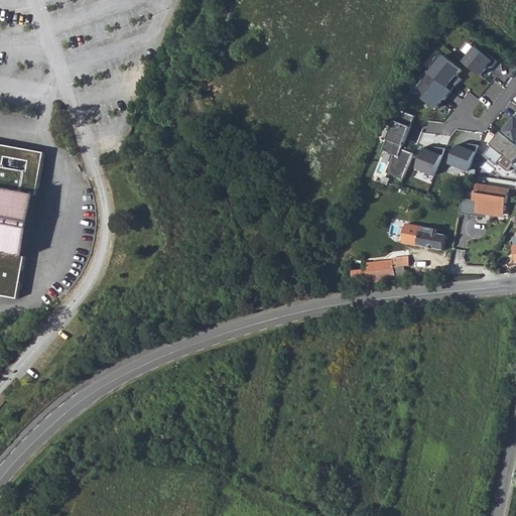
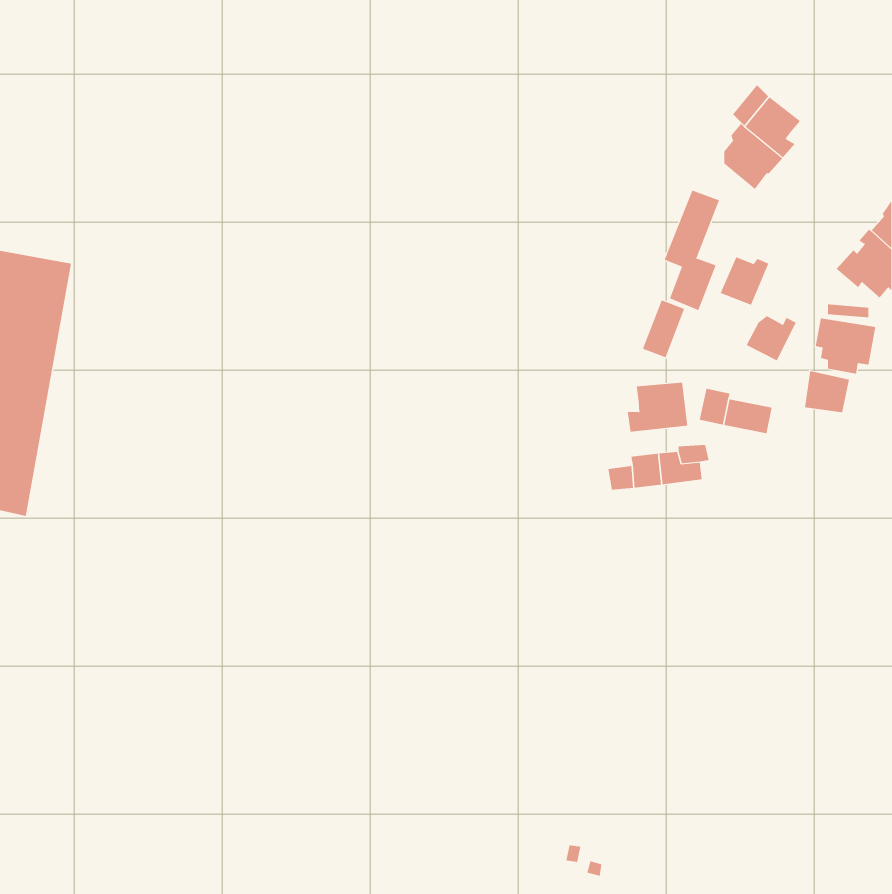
building: [462,47,496,76] -> none
building: [444,143,474,169] -> [746,315,797,361]
building: none -> [642,300,685,358]
building: none -> [627,382,688,433]

